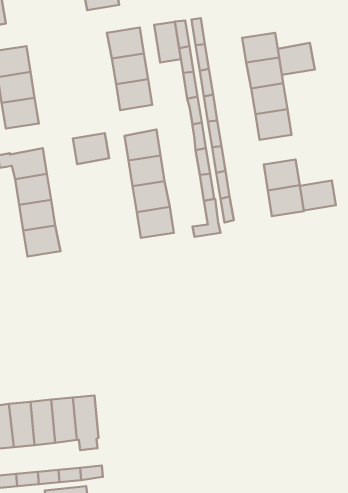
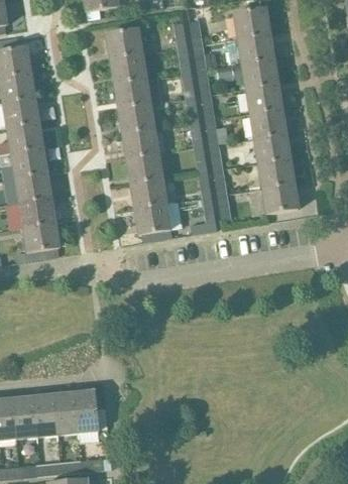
building: [154,22,181,62] -> none
building: [278,43,315,75] -> [234,7,270,38]
building: none -> [7,122,43,152]
building: [73,133,109,164] -> [119,104,154,134]
building: [300,181,336,210] -> [255,133,291,162]

